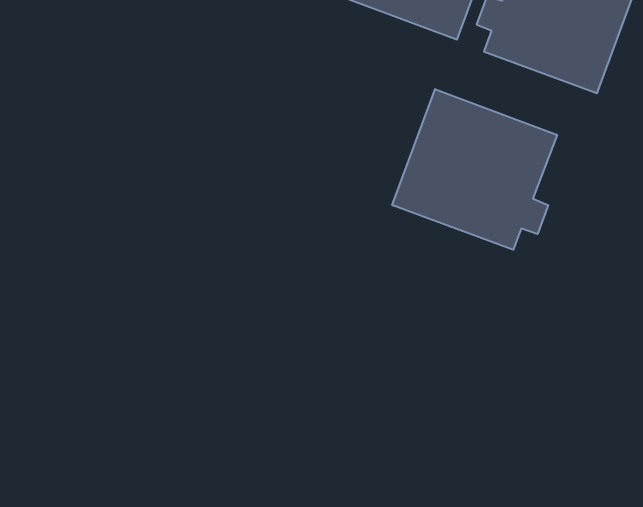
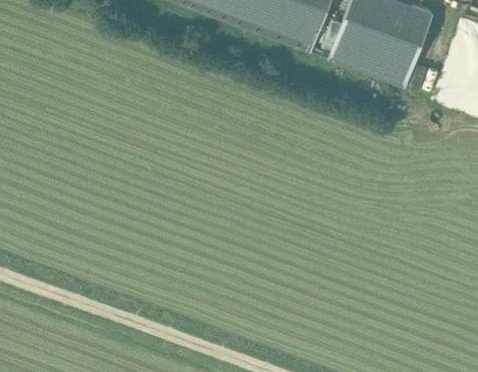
building: [392,89,557,250] -> none

